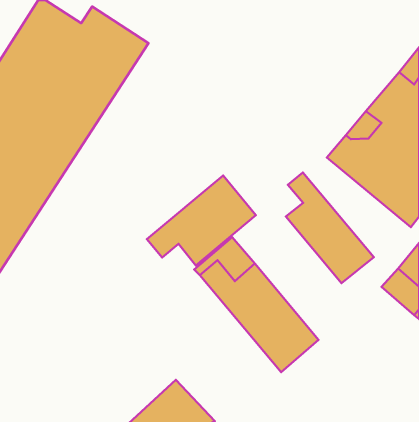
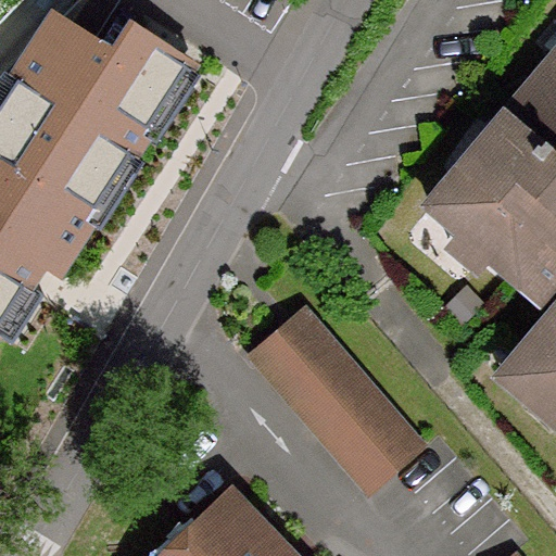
building: [286,173,374,283] -> none
building: [147,175,256,265] -> none

